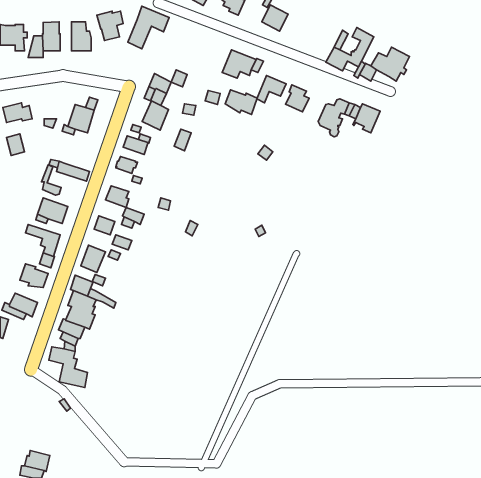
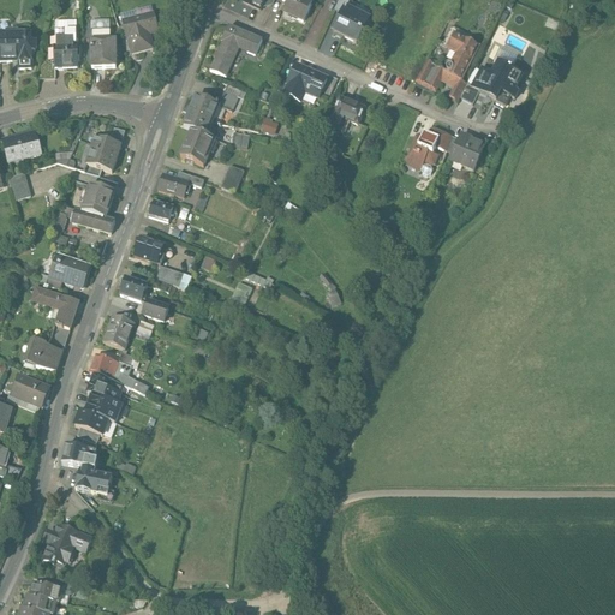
building: [128,6,169,49] -> [210,23,263,77]
building: [286,85,309,112] -> none
building: [225,90,257,114] -> none
building: none -> [82,181,114,215]
building: none -> [43,524,91,563]

